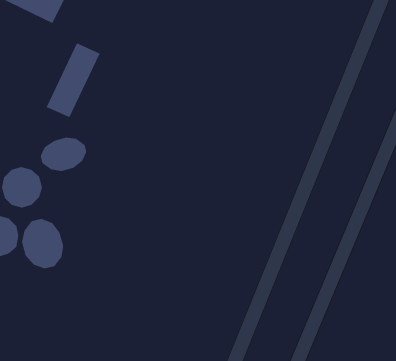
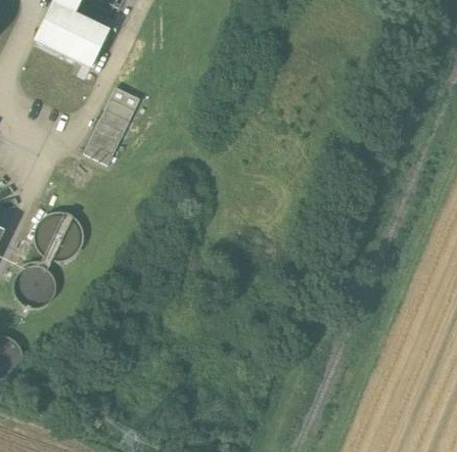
building: [40,137,87,172] -> none
building: [21,218,64,269] -> none

